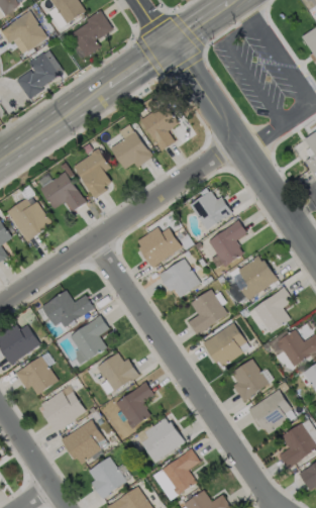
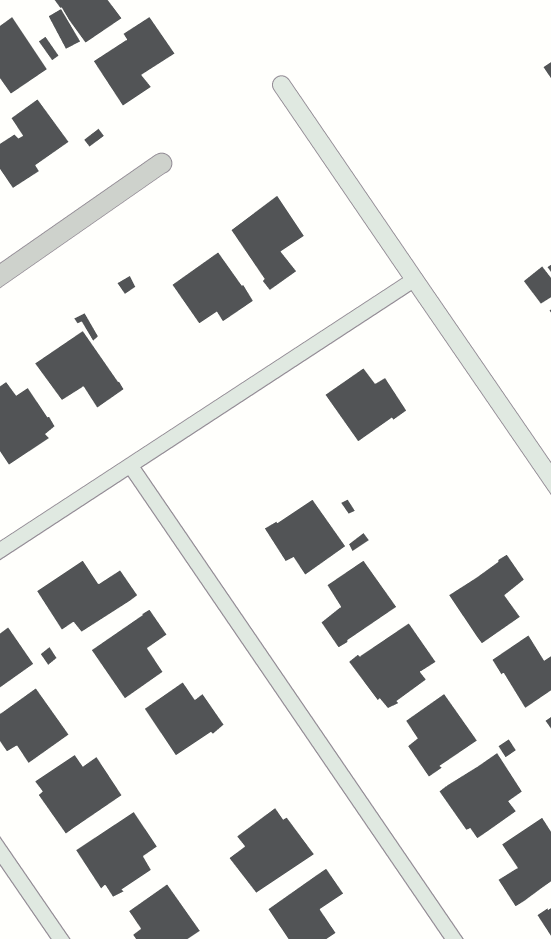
building: [74,148,112,198] -> none
building: [208,220,246,268] -> none
building: [137,226,182,269] -> none
building: [235,256,278,300] -> none
building: [115,381,154,428] -> none

